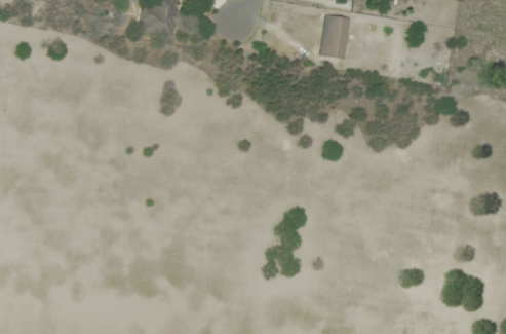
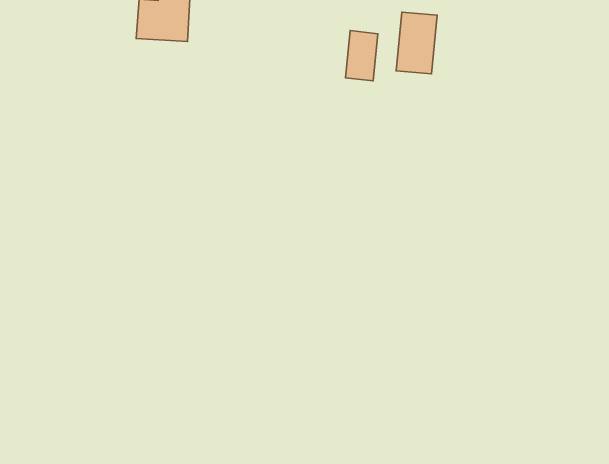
building: none -> [346,31,378,81]

